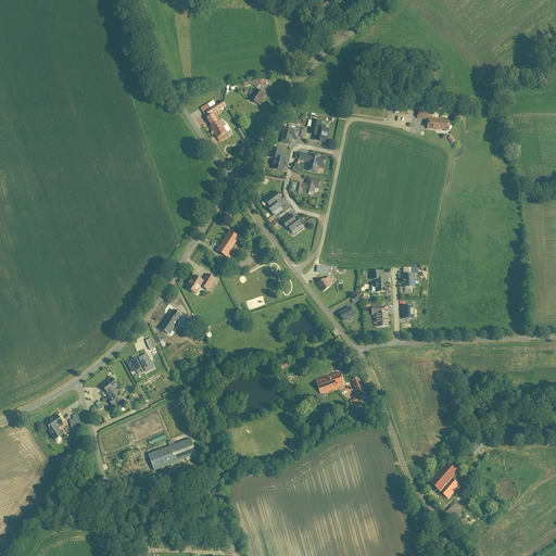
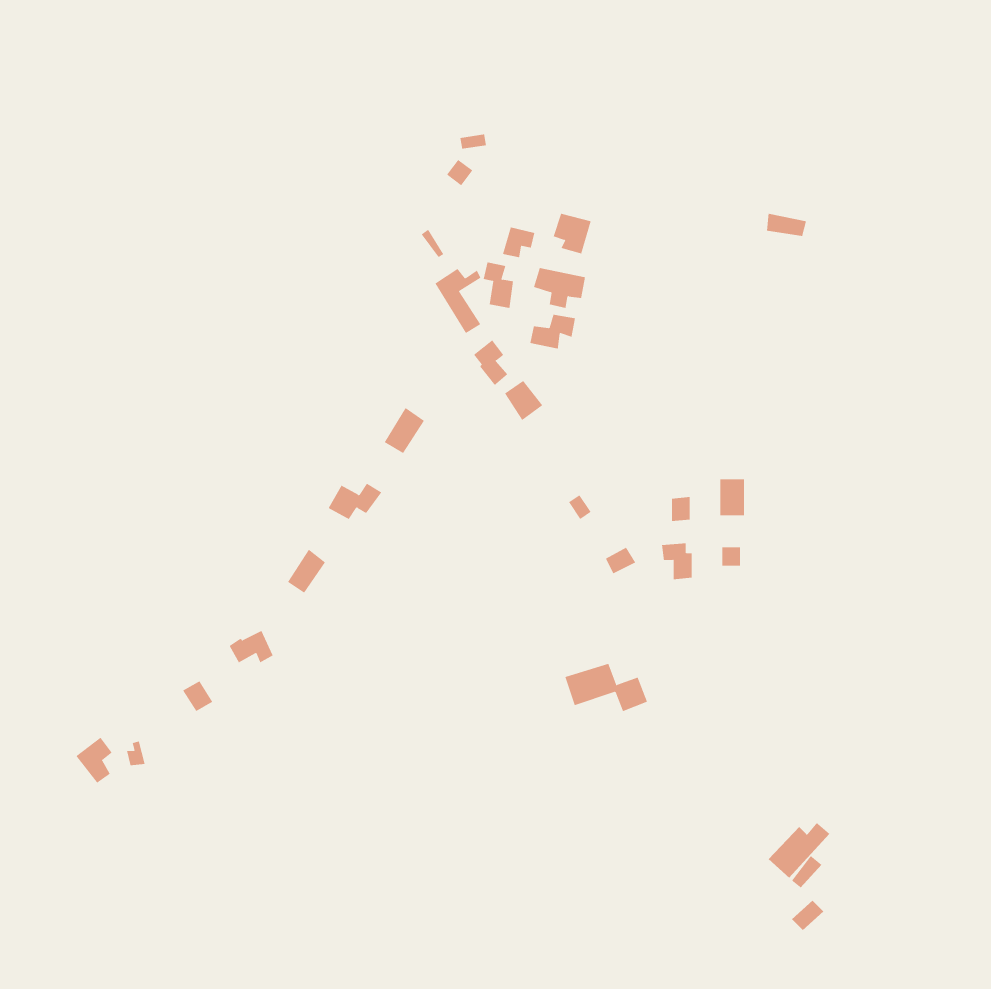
building: [201,99,227,136] -> [435,268,481,334]
building: [149,439,197,470] -> none

